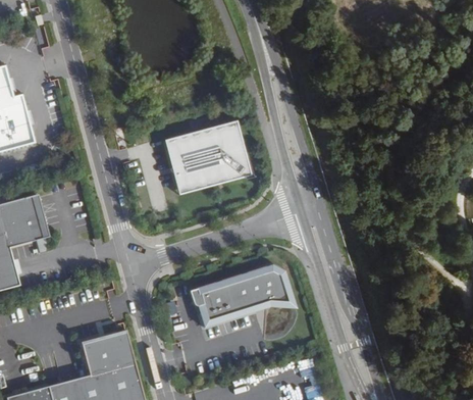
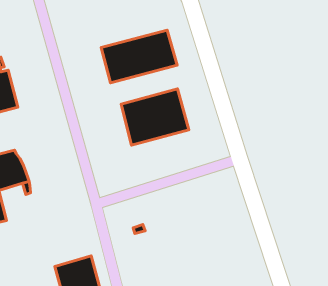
building: none -> [101,30,177,83]
building: [195,263,295,328] -> none

